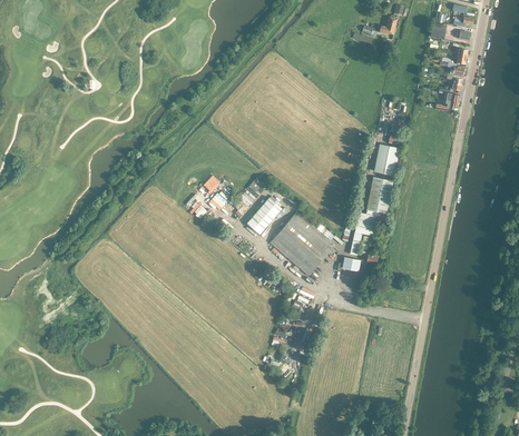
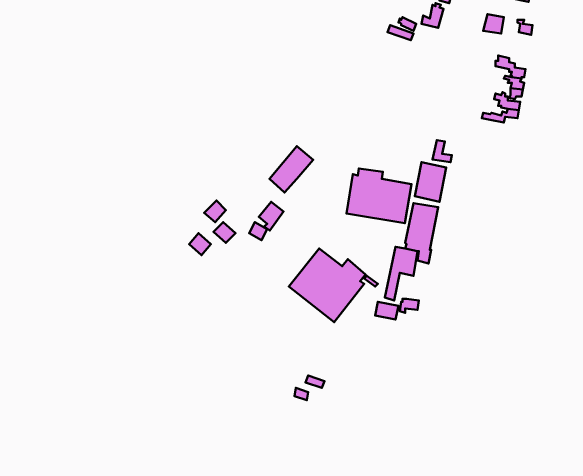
building: none -> [346,168,411,223]
building: [246,197,282,235] -> [270,146,313,193]

